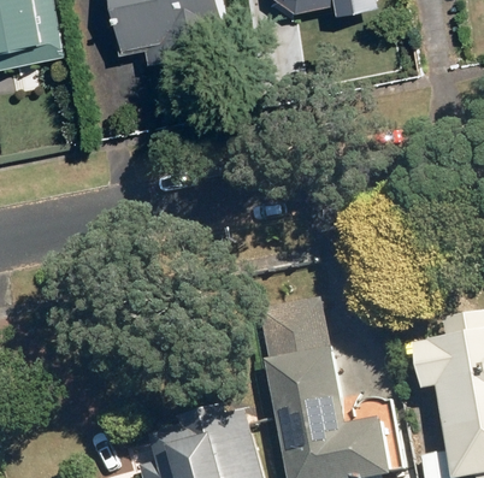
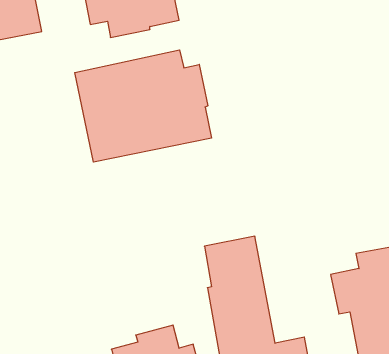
building: none -> [75,50,211,162]

